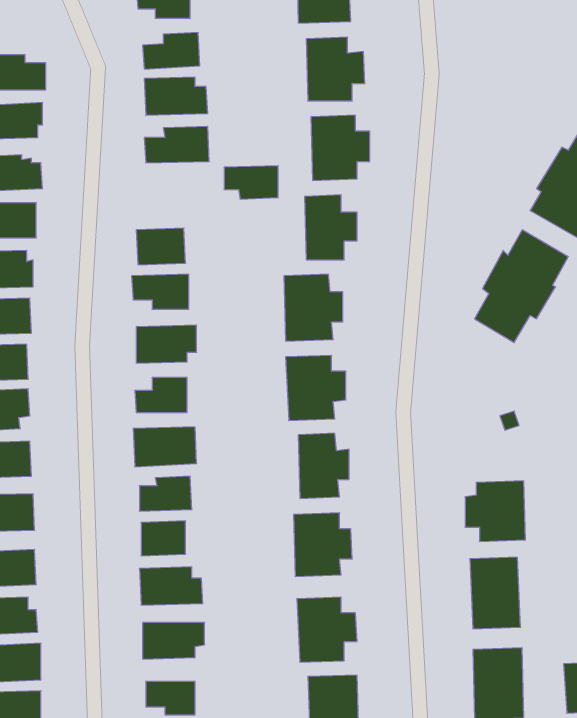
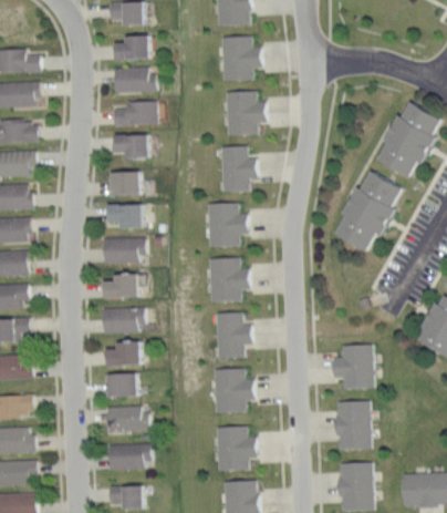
building: [224,166,278,199] -> [107,134,145,157]

